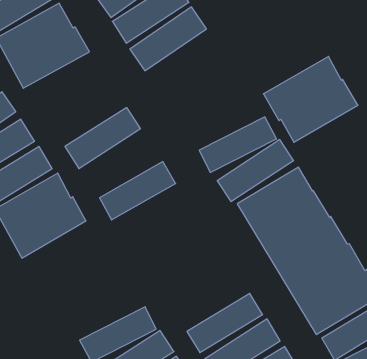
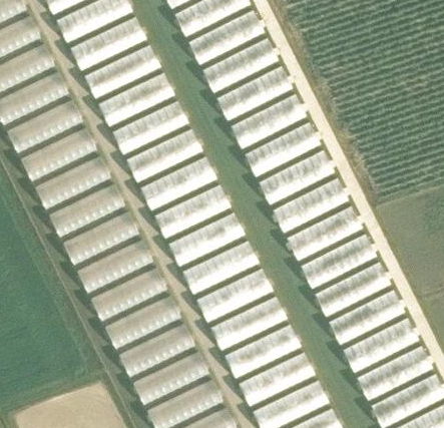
building: none -> [215,66,294,120]
building: none -> [99,73,189,153]
building: [263,56,358,142] -> [230,95,321,175]
building: none -> [140,159,216,206]
building: none -> [168,215,245,264]
building: none -> [182,241,260,293]
building: none -> [77,241,166,320]
building: none -> [197,270,287,348]
building: none -> [104,296,180,348]

